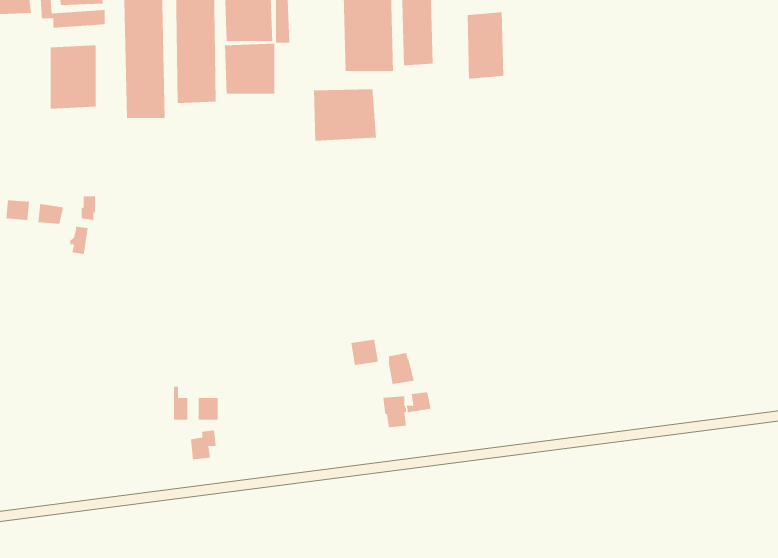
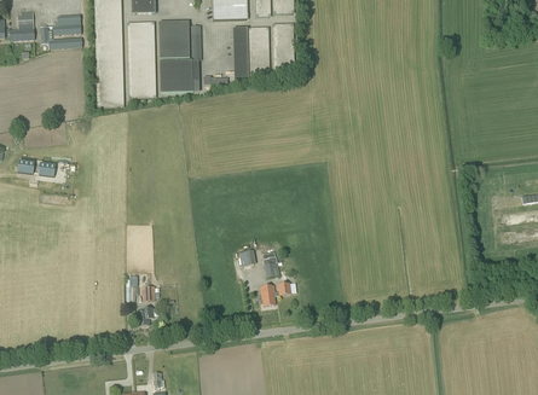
building: [467,11,504,79] -> none
building: [50,45,96,109] -> none
building: [313,88,376,142] -> none

